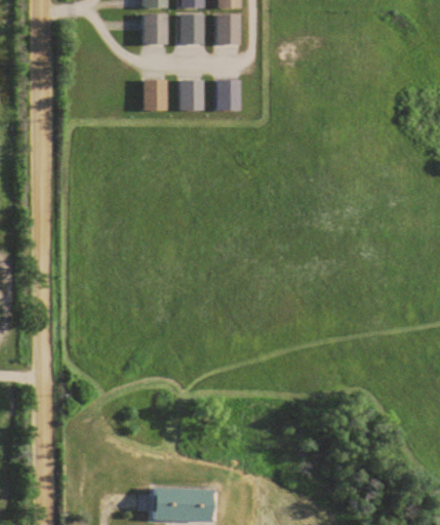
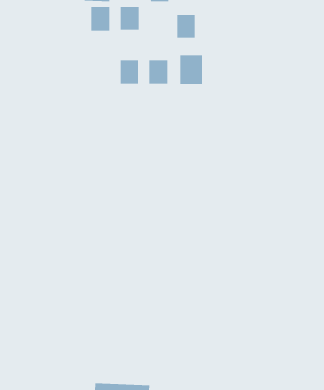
building: [216,14,240,44] -> [177,14,195,38]
building: none -> [180,54,203,85]
building: [143,80,167,112] -> none

